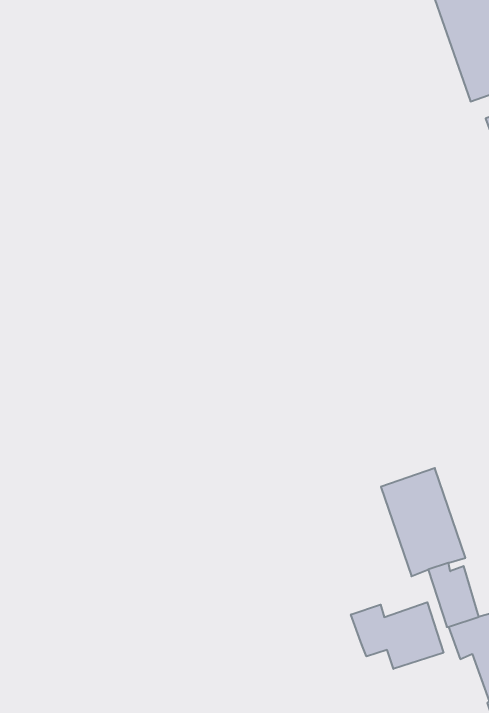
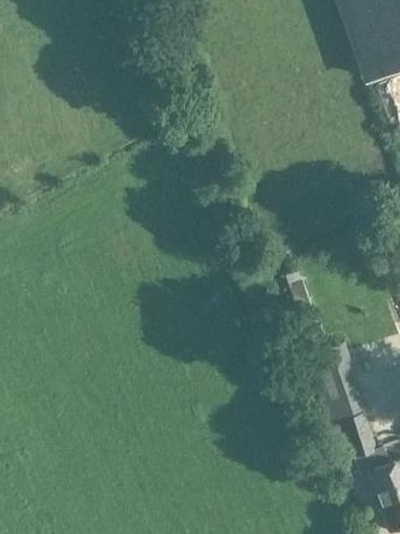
building: [351,602,443,669] -> none

